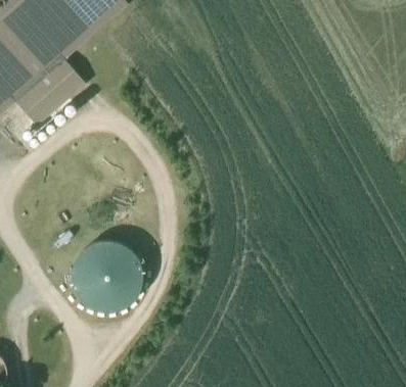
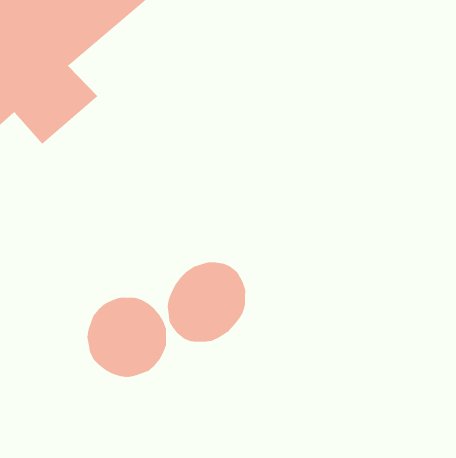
building: none -> [167,262,246,343]

